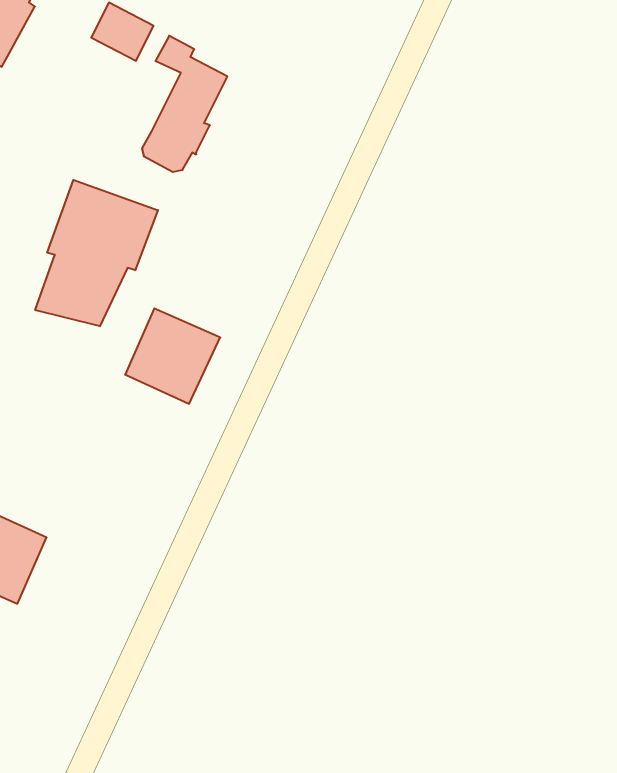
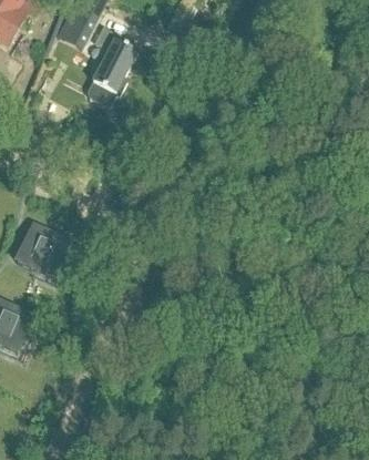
building: [35,180,158,326] -> none
building: [125,308,220,404] -> [17,223,71,277]

